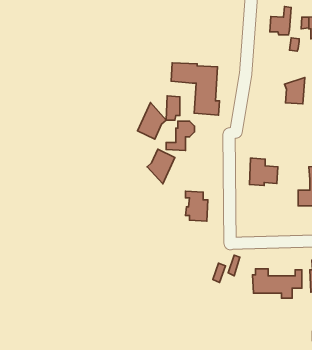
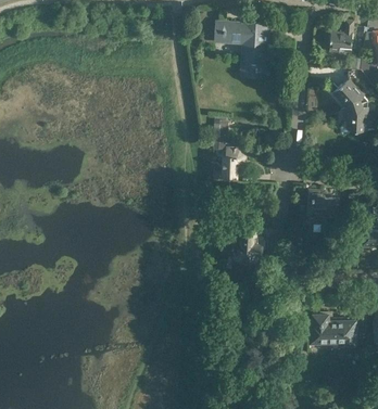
building: none -> [325,78,367,107]
building: [171,63,220,115] -> [214,21,268,79]
building: [138,102,166,139] -> none
building: [147,149,175,184] -> none

